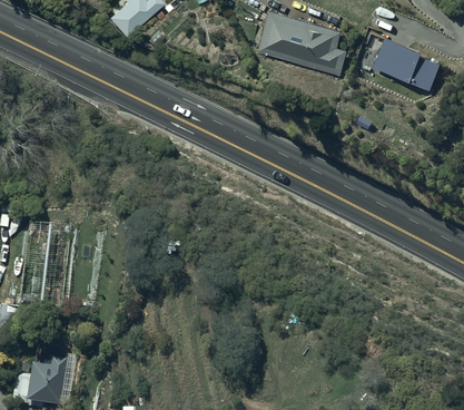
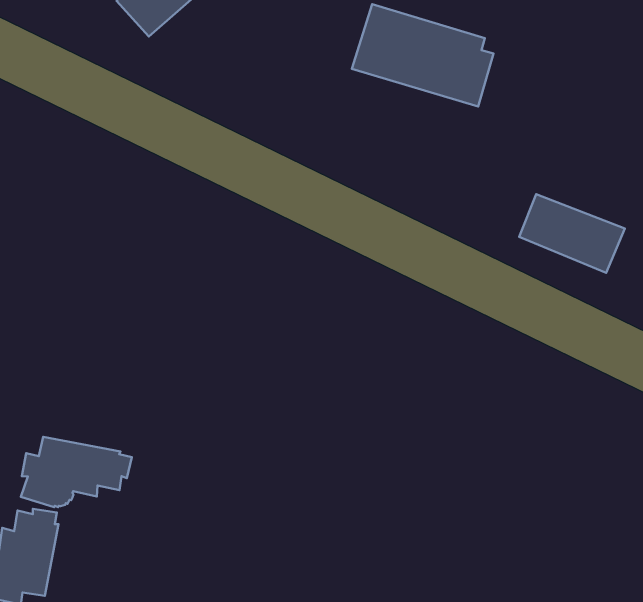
building: [375,41,444,92] -> [519,194,625,273]
building: none -> [21,437,132,507]

